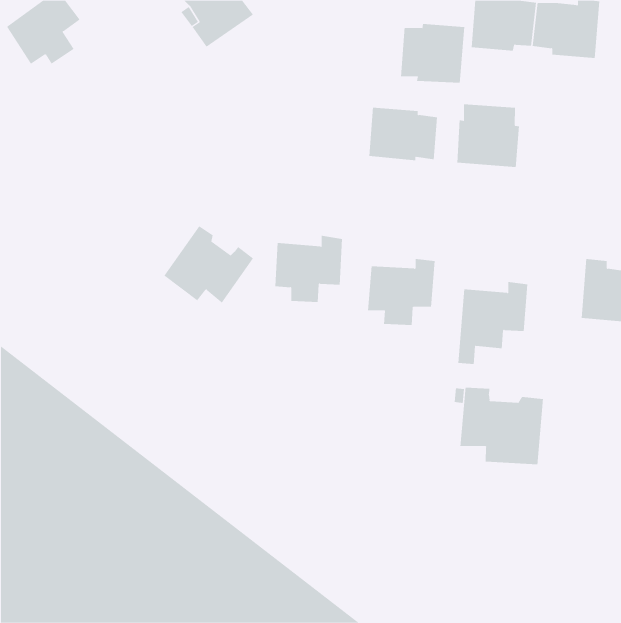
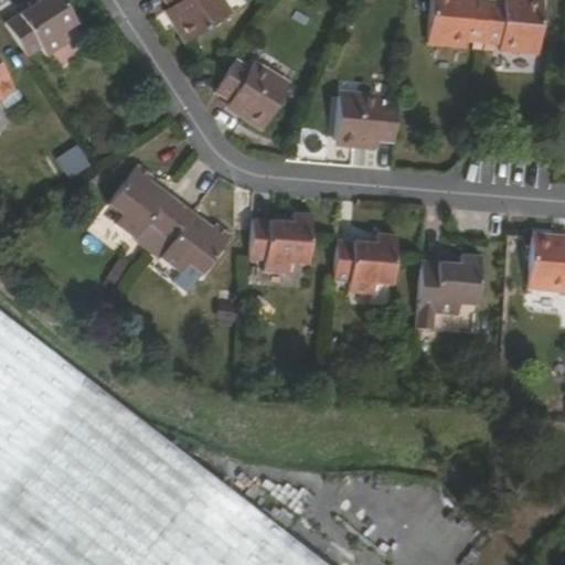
building: [400,23,465,84] -> none
building: none -> [217,58,289,127]
building: [457,103,520,168] -> none
building: none -> [109,164,182,249]
building: [460,387,543,465] -> none

